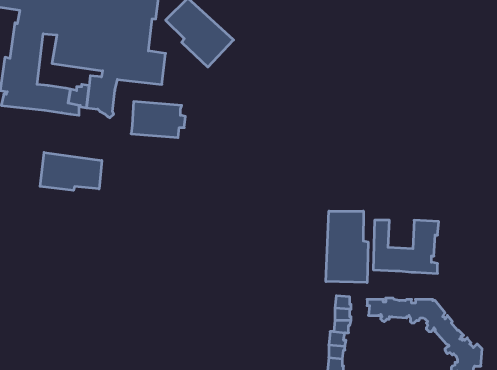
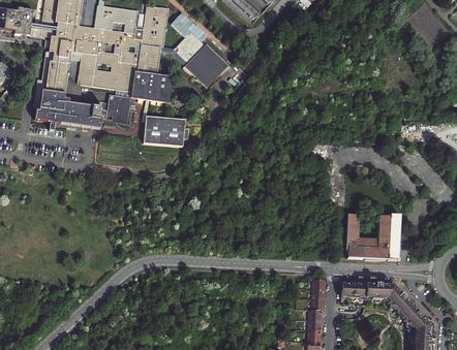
building: [40,152,102,190] -> none
building: [326,211,368,283] -> none

